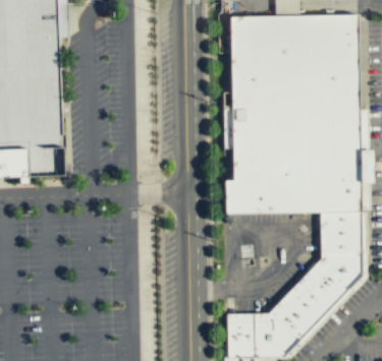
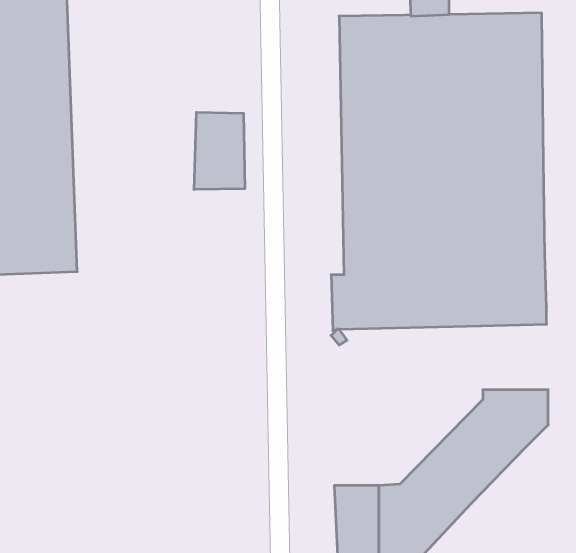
building: none -> [194,112,245,190]
building: [320,210,363,252] -> none

